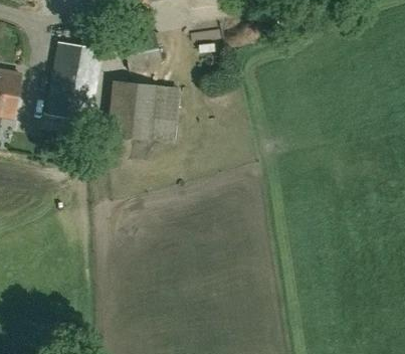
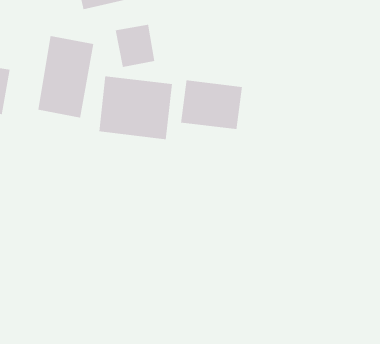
building: none -> [181,80,243,130]

